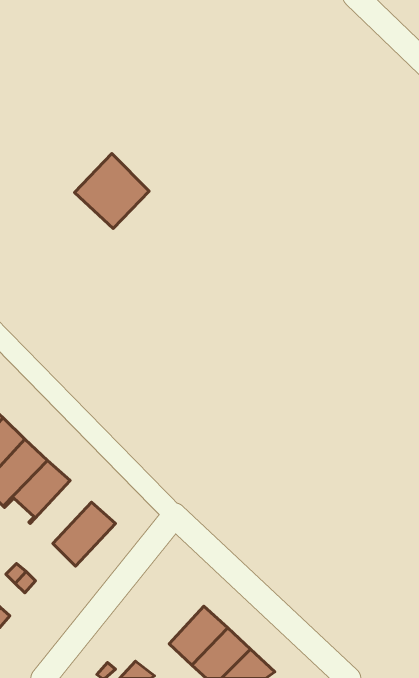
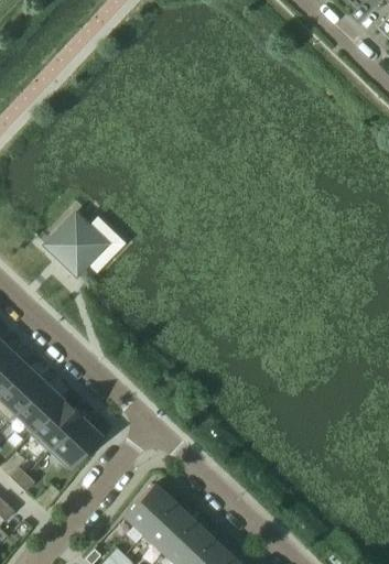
building: [74,154,149,229] -> [45,213,107,274]
building: none -> [31,399,82,451]
building: none -> [126,484,174,533]

